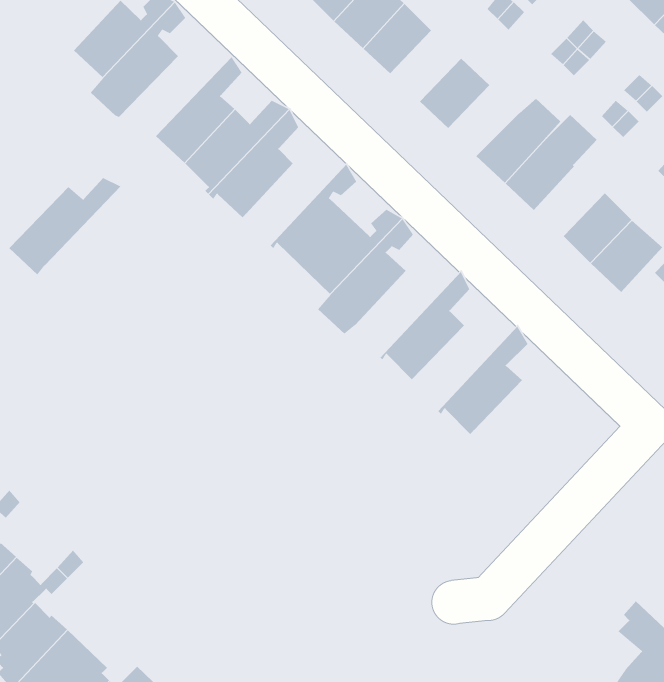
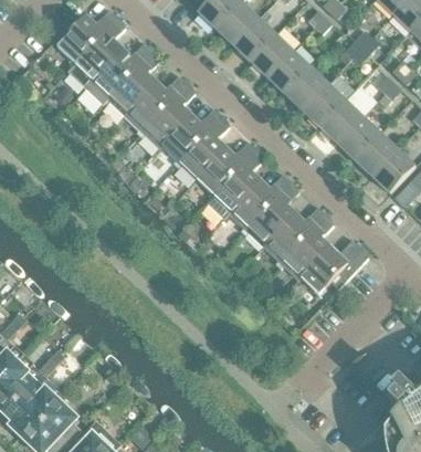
building: none -> [250,34,293,77]
building: none -> [285,67,327,111]
building: none -> [162,109,223,165]
building: none -> [337,116,380,159]
building: [9,177,121,275] -> [85,44,154,104]
building: none -> [229,175,293,233]
building: none -> [263,208,327,265]
building: none -> [301,241,368,294]

